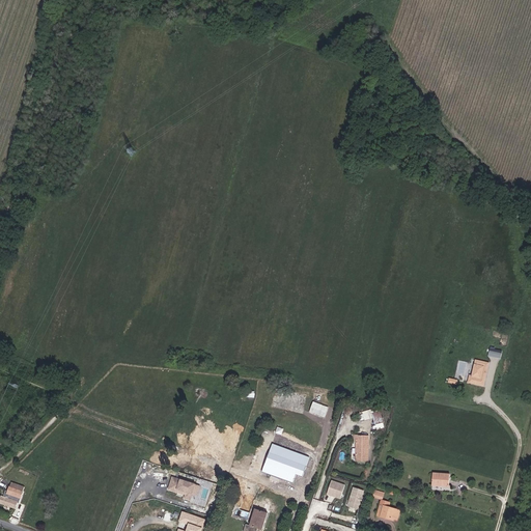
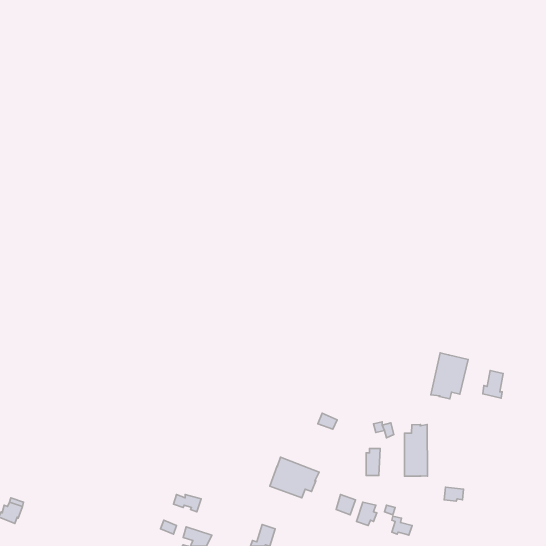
building: none -> [431,353,468,399]
building: none -> [404,424,428,476]

